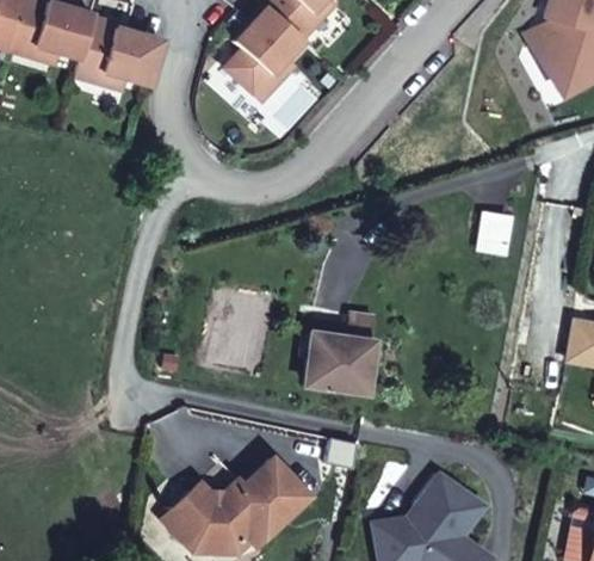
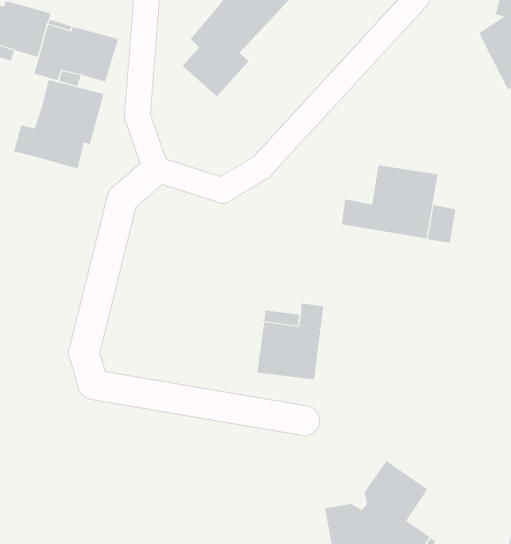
building: none -> [14,79,104,169]
building: none -> [341,164,438,239]
building: [167,460,307,545] -> none

